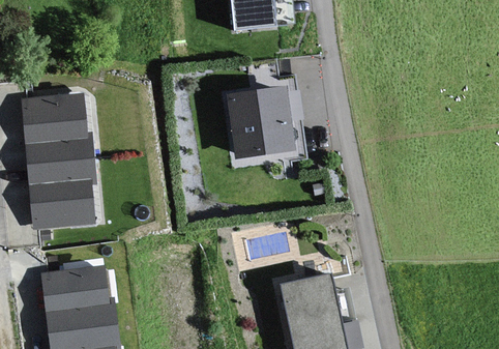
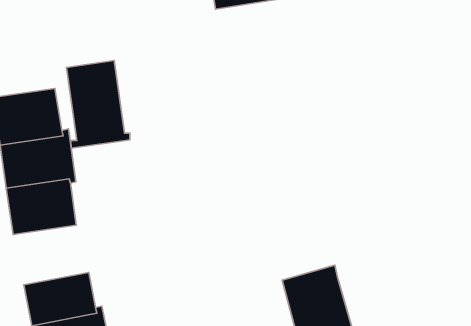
building: none -> [67,60,130,148]
building: [228,86,293,155] -> none

